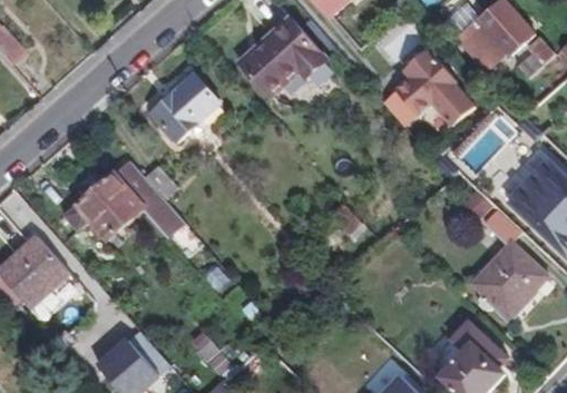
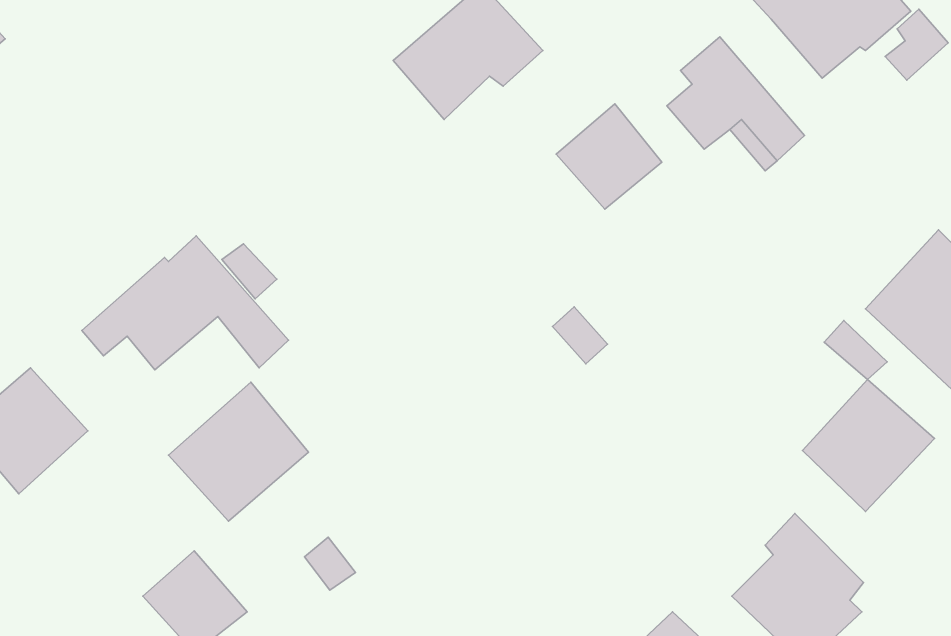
building: [150,73,219,141] -> none
building: none -> [556,104,662,209]
building: none -> [169,382,309,521]

